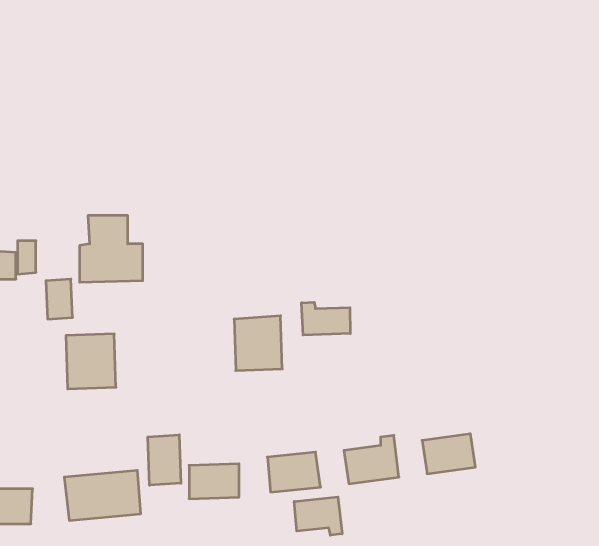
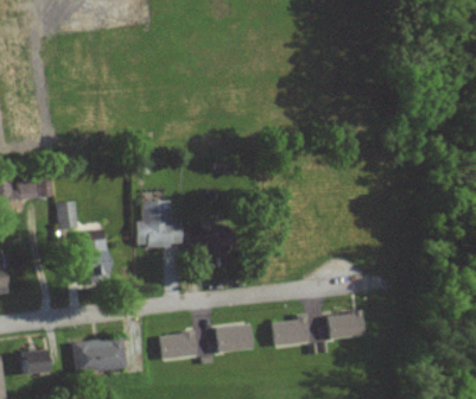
building: [80,216,143,282] -> [137,201,182,248]
building: [302,302,350,335] -> none
building: [148,435,181,485] -> none
building: [294,497,342,535] -> none

